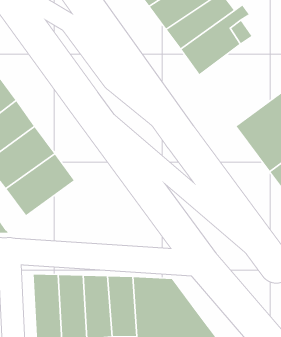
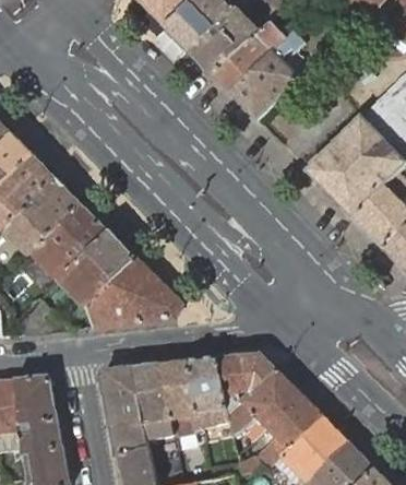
building: none -> [84,259,180,328]

